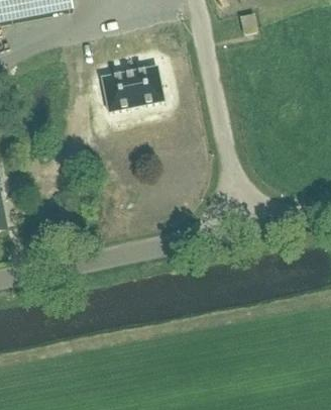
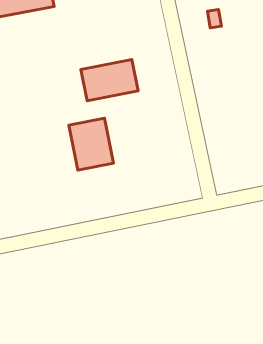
building: none -> [69,118,114,170]

